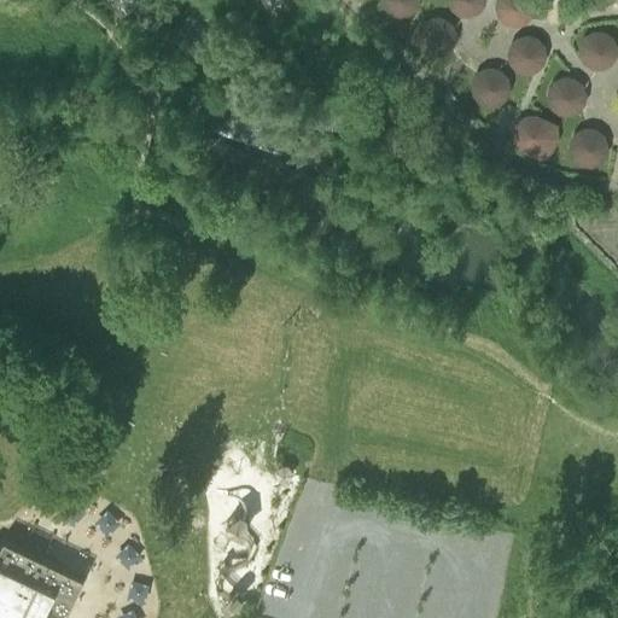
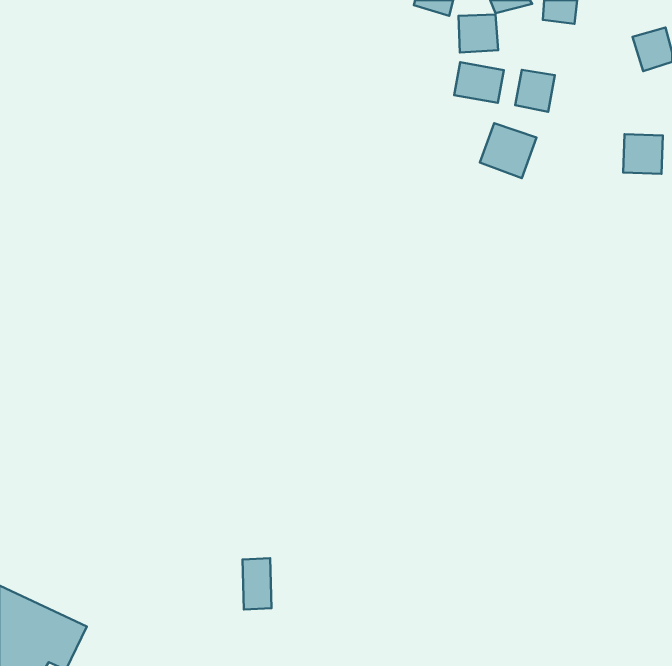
building: [507,34,552,78] -> none
building: none -> [454,62,504,103]
building: [547,76,588,117] -> none
building: [511,112,562,163] -> [480,123,536,178]

